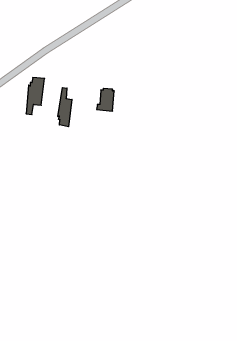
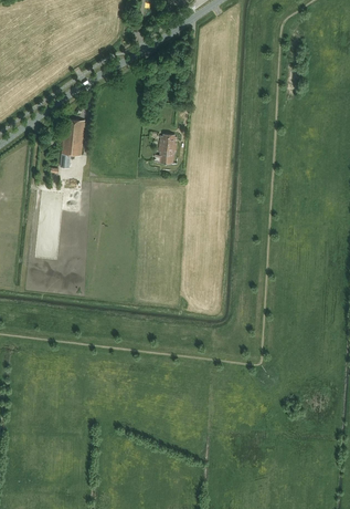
building: [58,88,72,127] -> none

